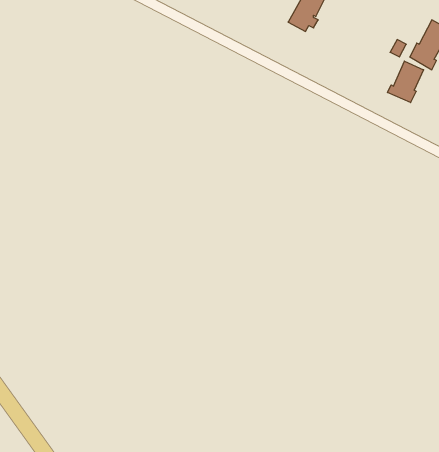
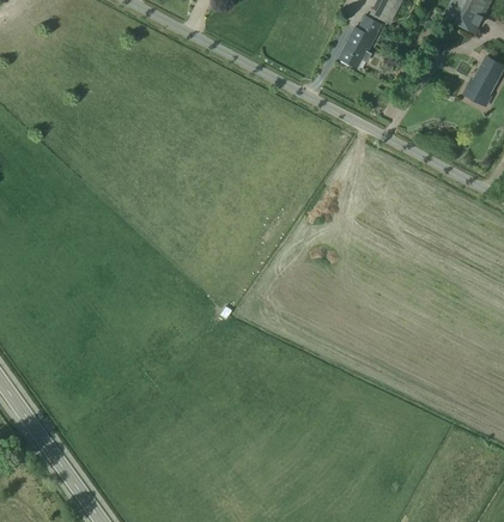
building: [388,61,424,103] -> none

